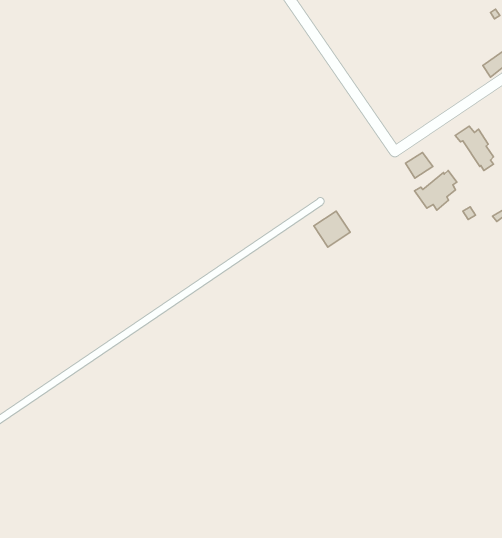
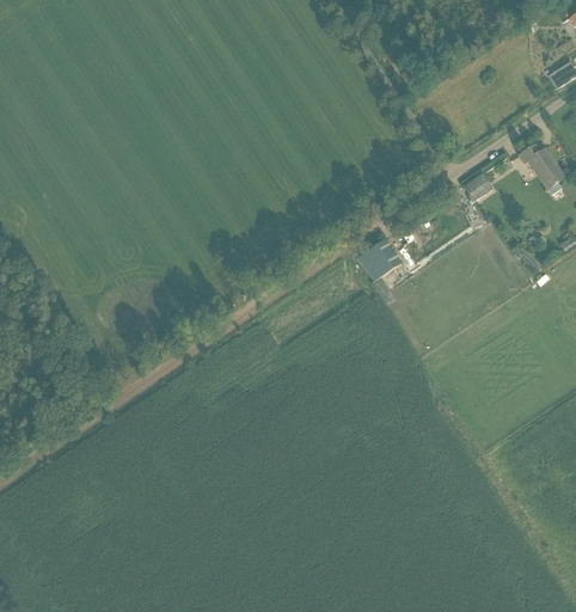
building: [415,170,457,210] -> none

